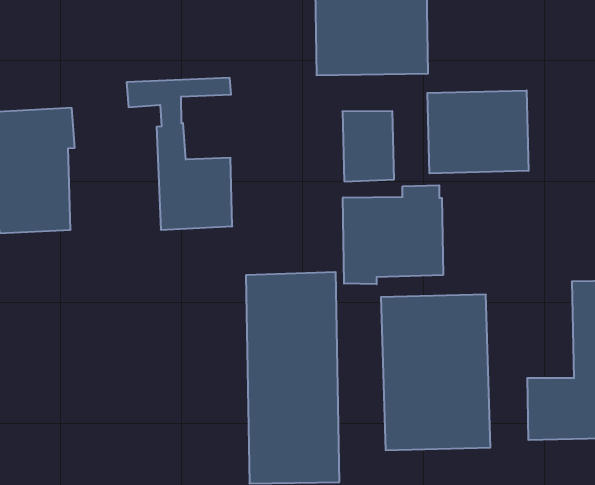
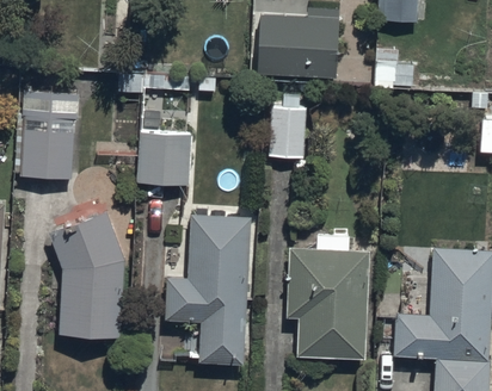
building: [427,90,528,173] -> none
building: [343,185,443,284] -> none
building: none -> [55,216,129,337]

